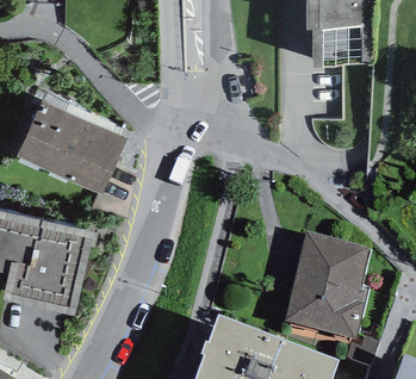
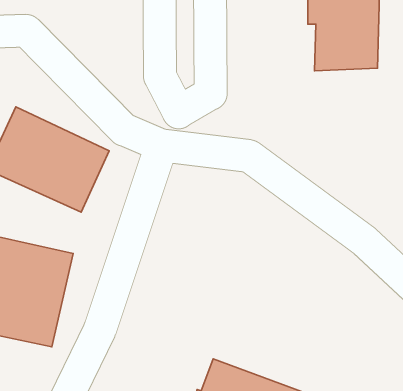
building: [282,240,367,344] -> none

